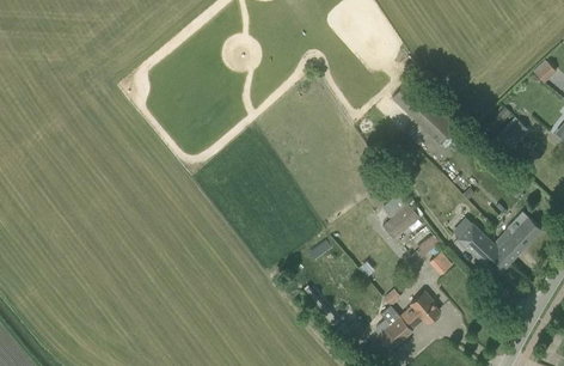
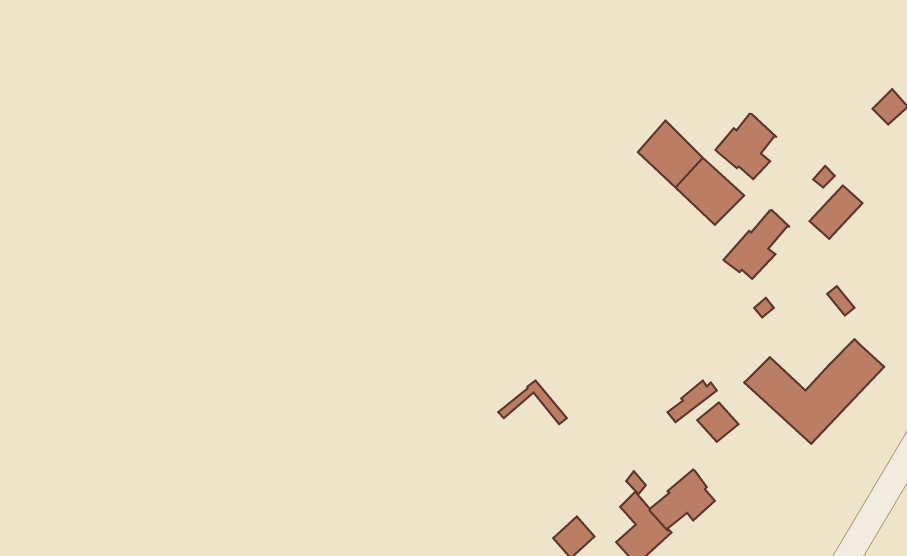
building: none -> [715,114,776,179]
building: none -> [723,210,789,279]
building: [382,203,419,238] -> none

